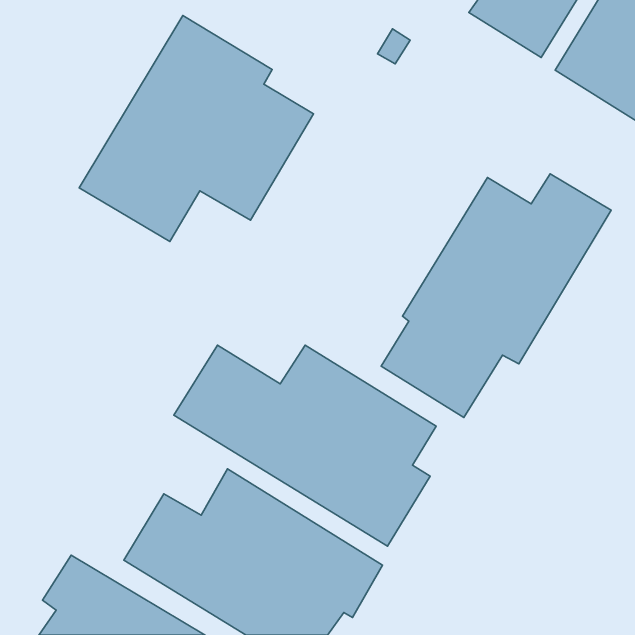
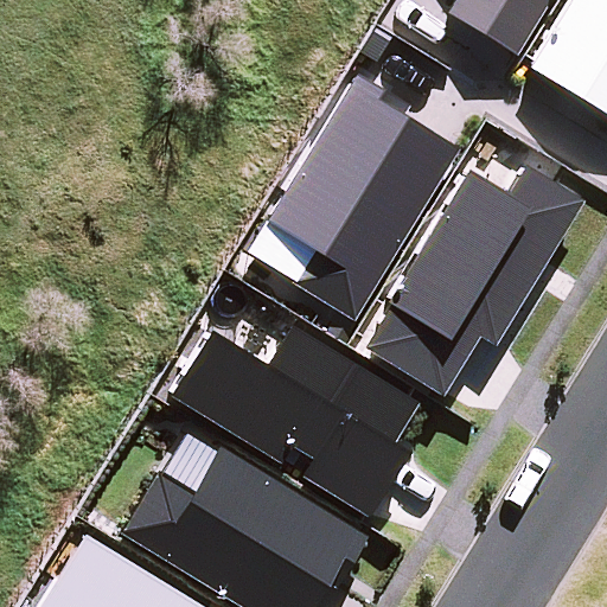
building: [79,15,314,242] -> none
building: none -> [267,75,460,320]

